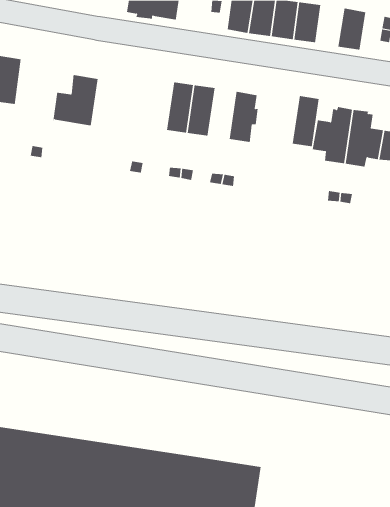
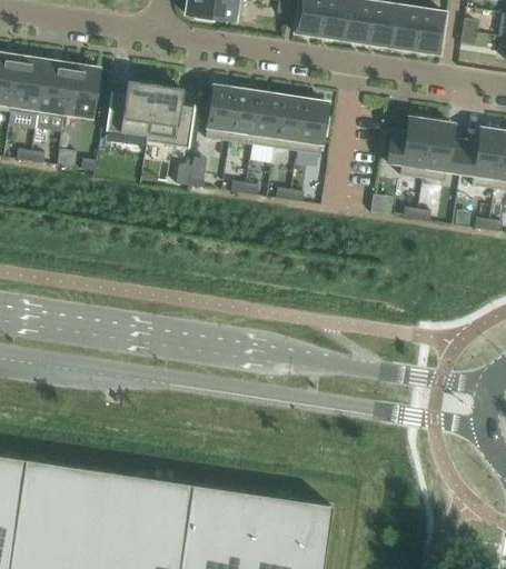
building: none -> [390,6,420,51]
building: none -> [65,64,98,118]
building: none -> [146,86,194,149]
building: none -> [205,86,236,141]
building: [292,96,320,147] -> [274,96,304,151]

